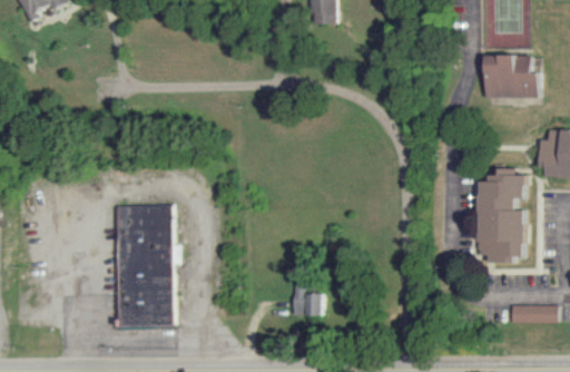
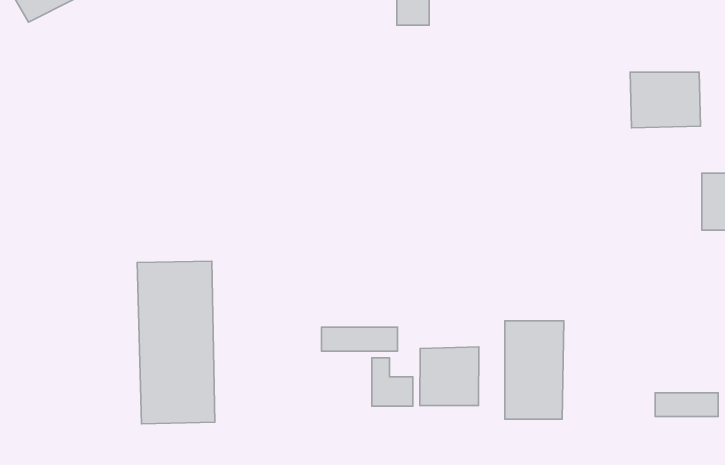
building: [481,184,525,258] -> [505,321,564,419]
building: none -> [321,327,398,351]
building: none -> [420,347,479,406]

